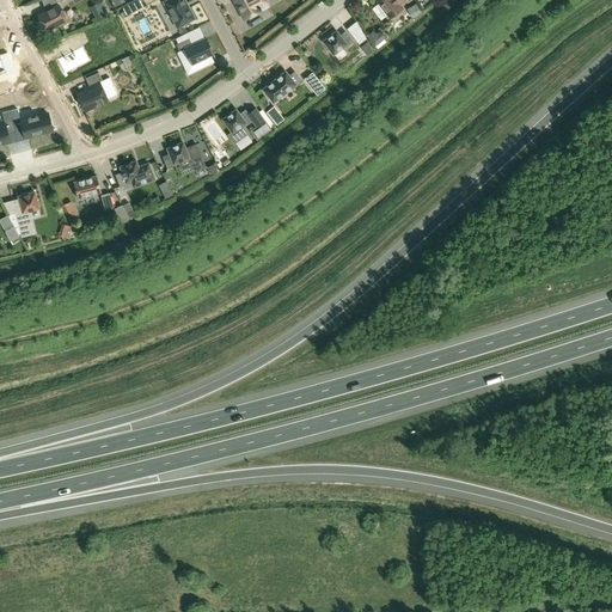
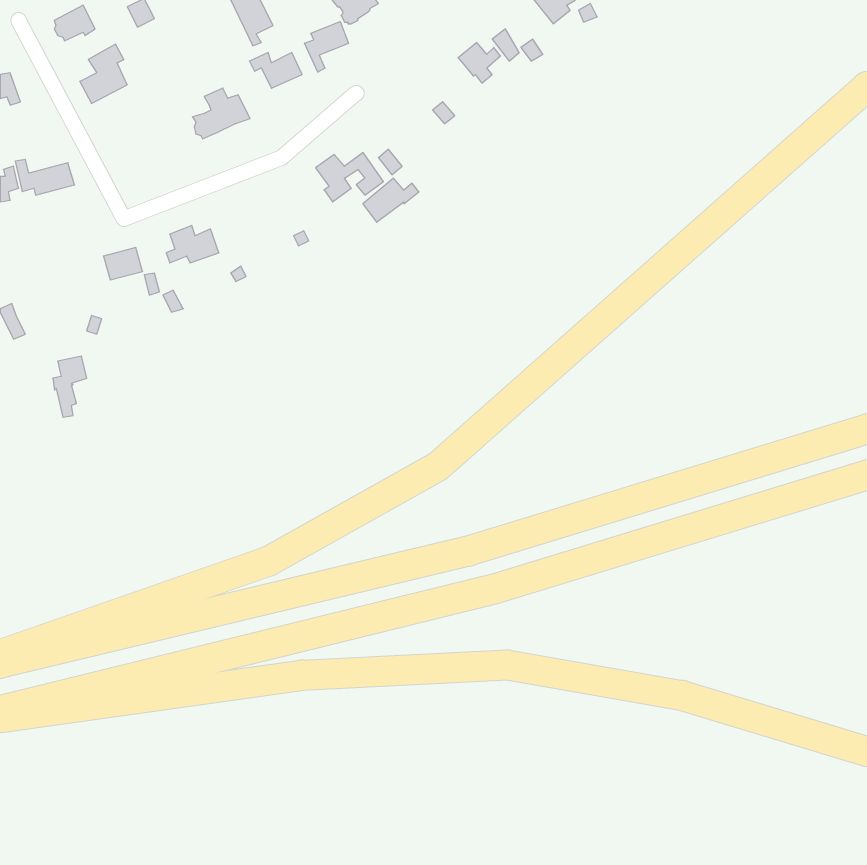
building: none -> [305,22,349,72]
building: [263,71,302,102] -> [363,178,419,222]
building: [76,72,117,108] -> [192,88,250,139]
building: [164,141,204,169] -> none
building: [14,191,38,234] -> [53,356,87,417]

